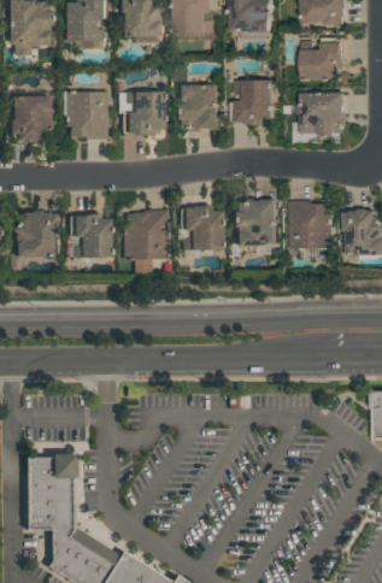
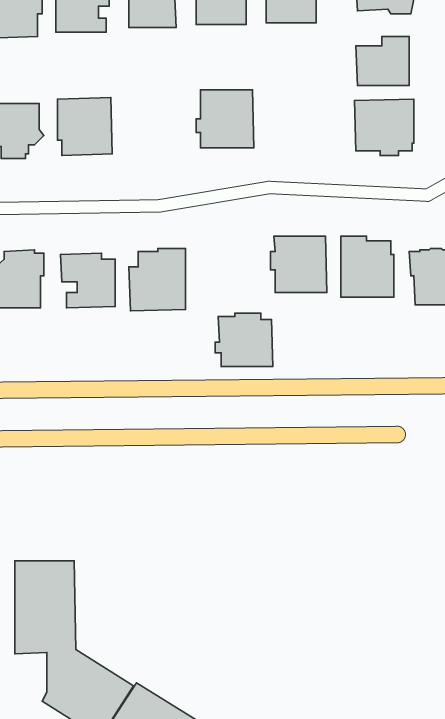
building: [236,80,277,123] -> none
building: [122,90,164,134] -> none
building: [177,205,223,247] -> [215,313,273,367]

